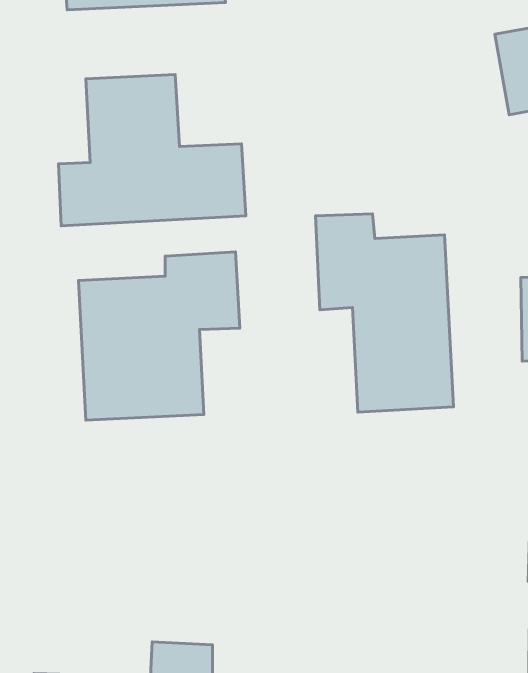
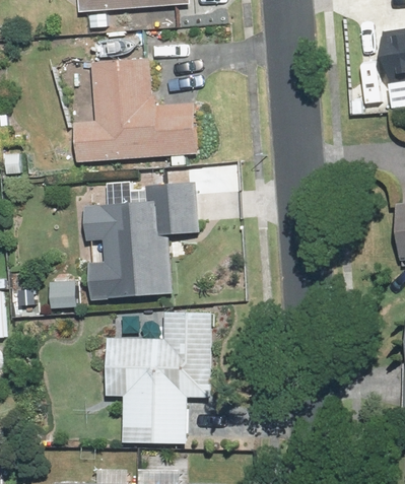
building: [315,214,454,412] -> none
building: none -> [104,309,211,443]

